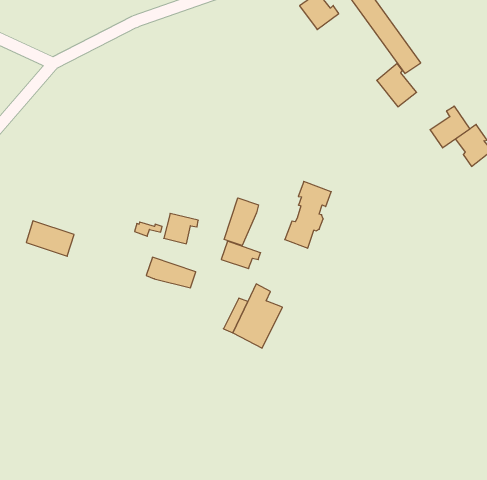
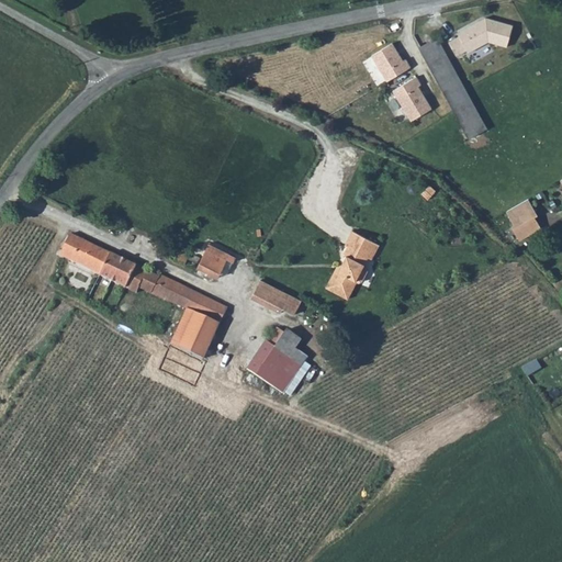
building: [377,64,417,107] -> [391,76,429,120]
building: [430,106,470,148] -> none
building: [224,198,259,245] -> none
building: none -> [100,251,186,304]
building: none -> [170,308,220,358]

